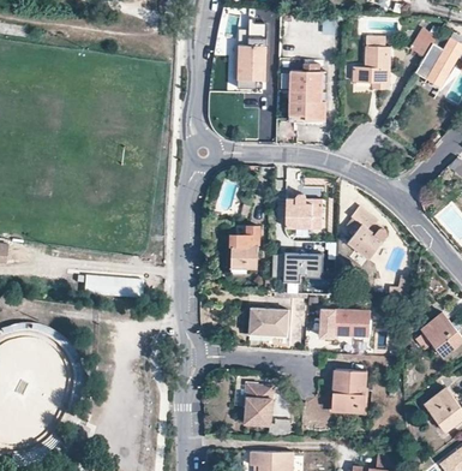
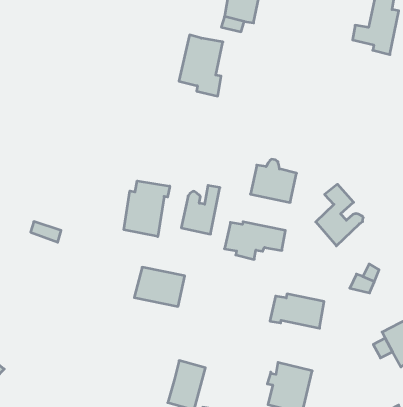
building: [287,68,323,118] -> [179,35,223,96]
building: none -> [124,181,170,237]
building: [248,309,289,338] -> [134,267,185,306]

